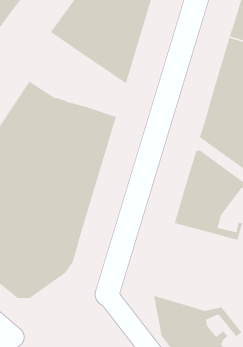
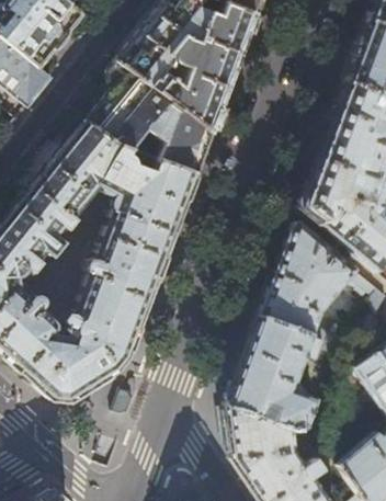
building: none -> [86,62,211,175]
building: none -> [227,318,342,432]

